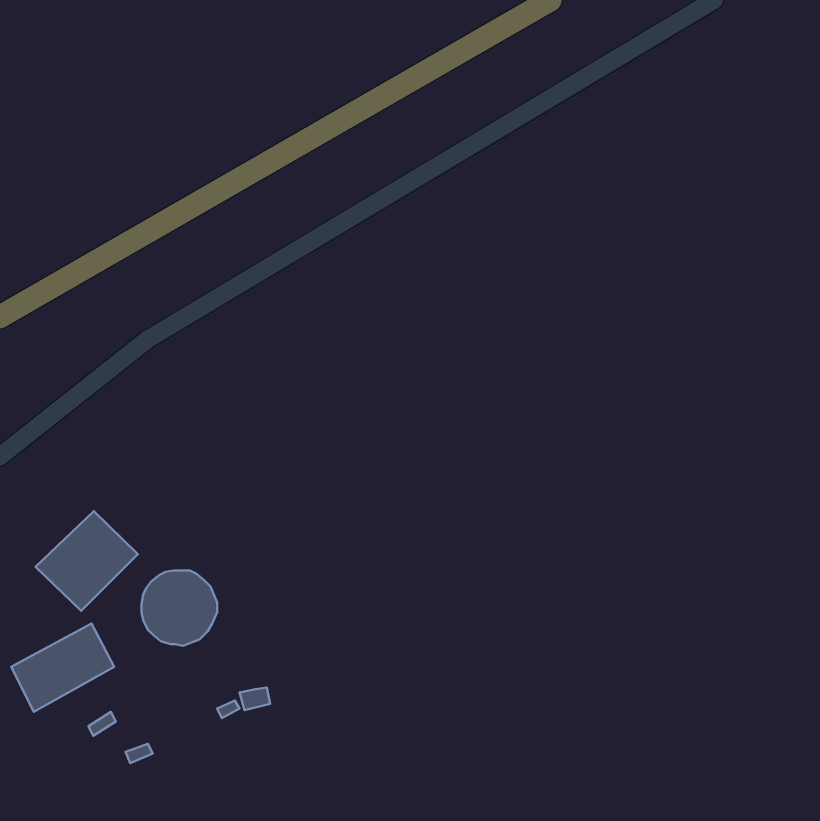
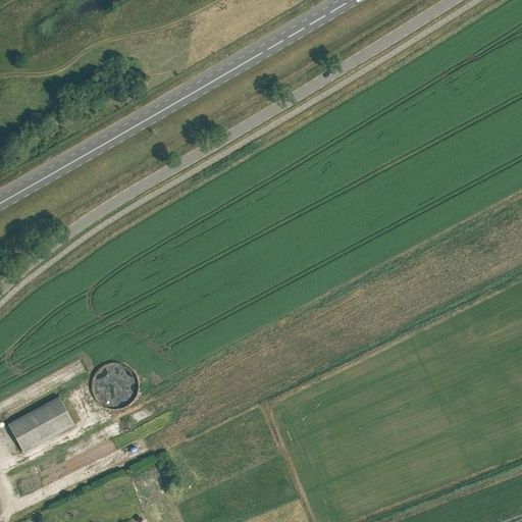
building: [35,511,138,611] -> none

